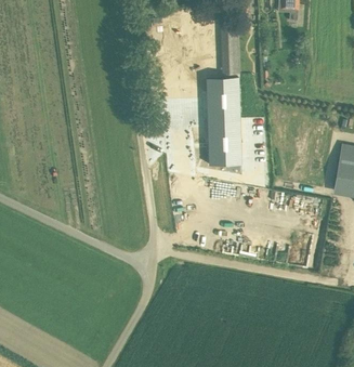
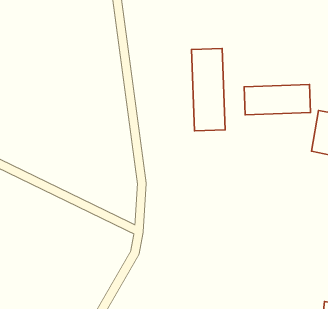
building: none -> [244,84,311,115]

